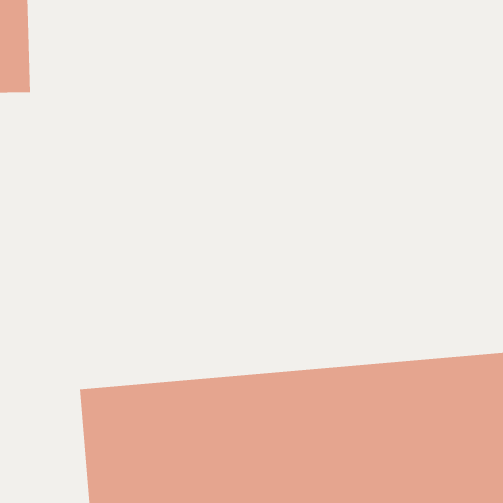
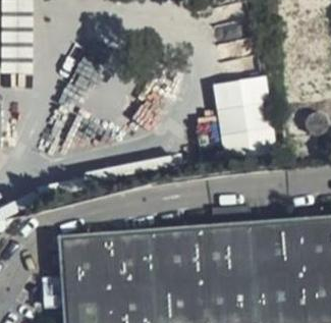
building: none -> [213,69,272,144]

